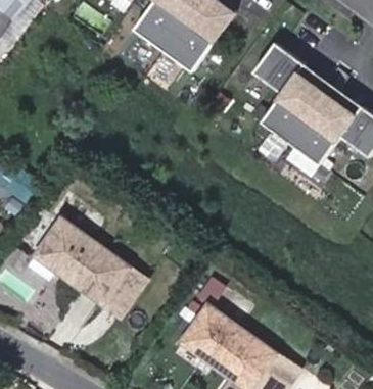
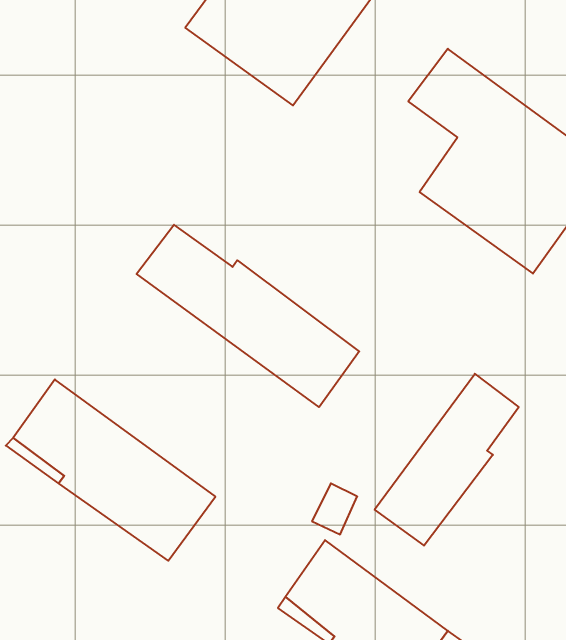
building: none -> [137,225,359,407]
building: none -> [375,374,519,546]

